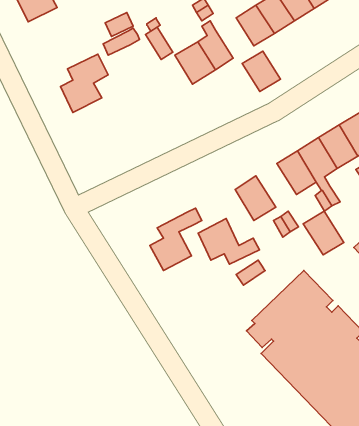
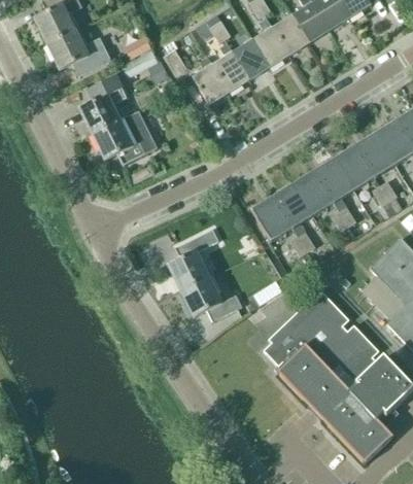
building: none -> [47,29,110,74]
building: [242,51,281,92] -> [233,39,271,79]
building: none -> [92,109,158,164]
building: [303,211,344,255] -> [273,183,313,227]
building: [198,219,260,264] -> [181,275,242,320]

